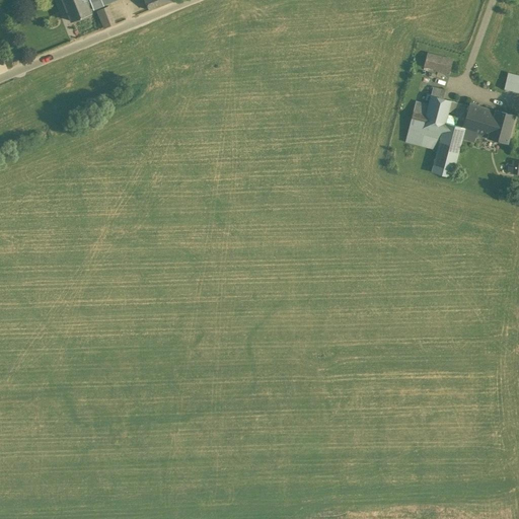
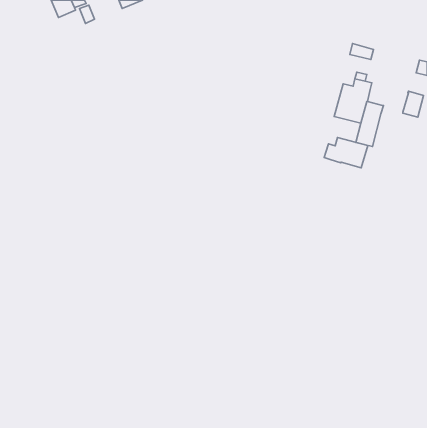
building: [461,104,495,141] -> none
building: none -> [324,138,368,168]

